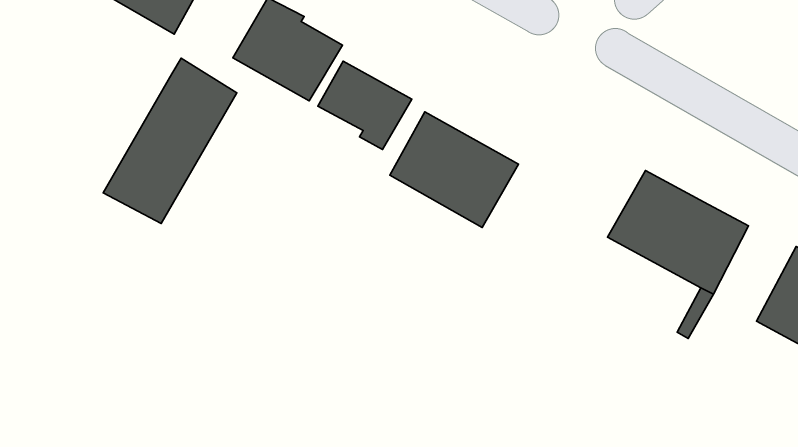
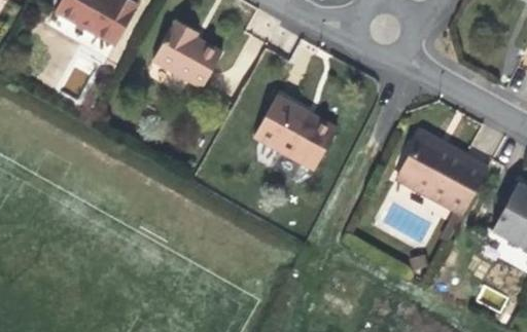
building: [103,58,237,223] -> none
building: [318,61,412,150] -> none

